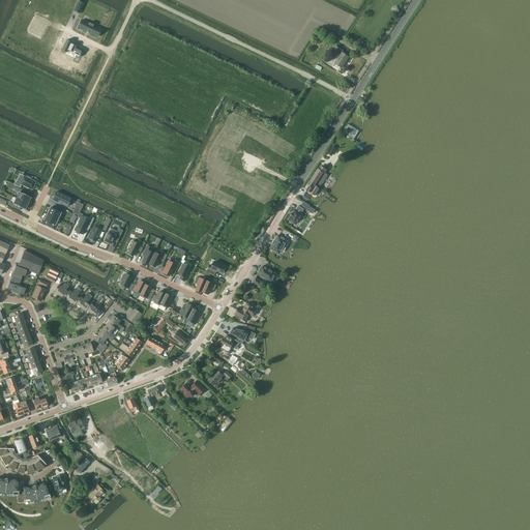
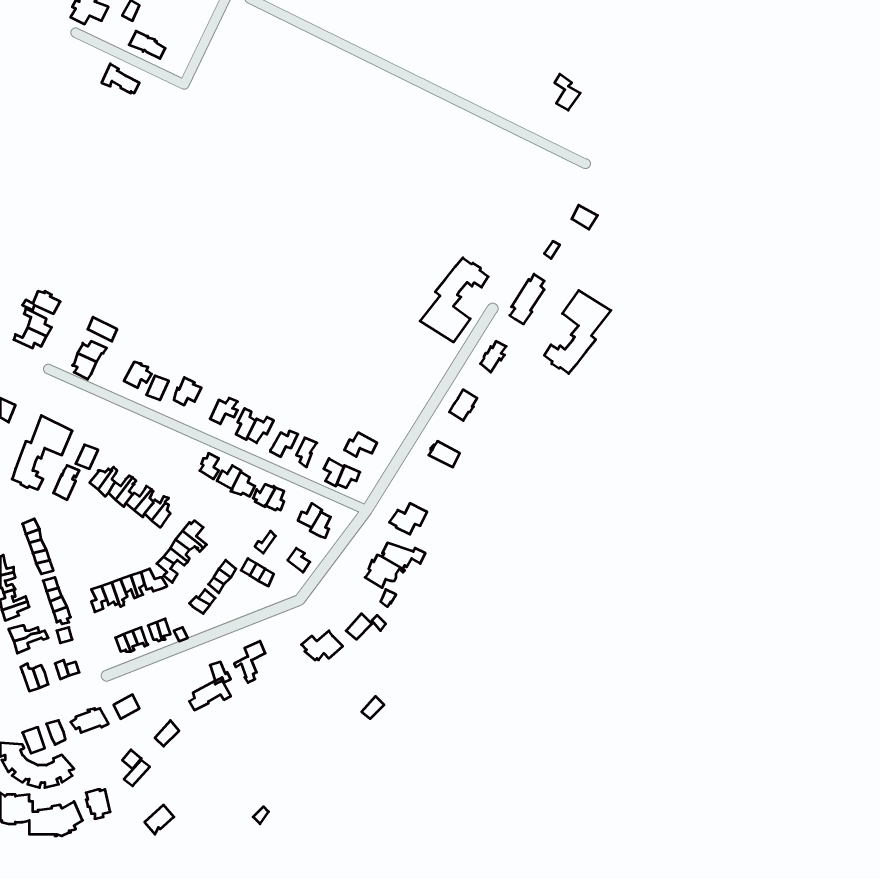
building: none -> [420,258,488,342]
building: none -> [544,290,611,374]

